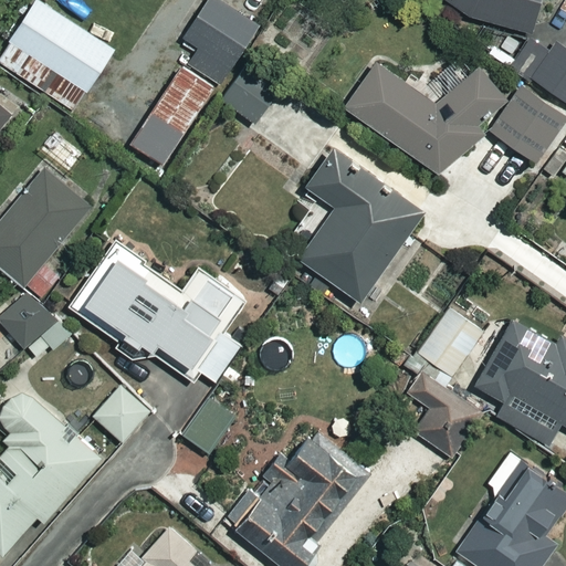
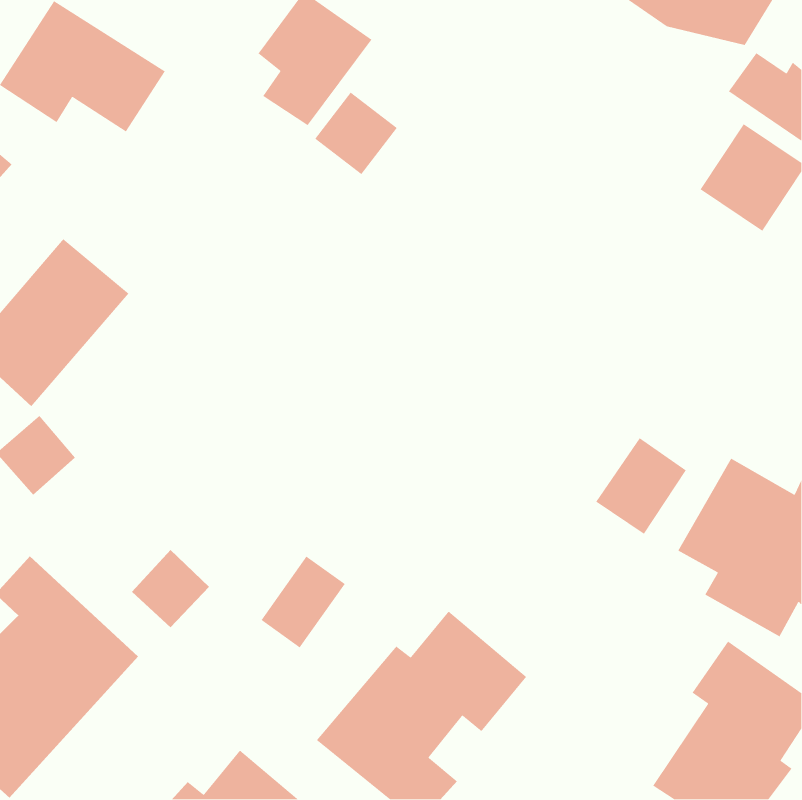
building: [345,64,504,178] -> none
building: [128,67,216,165] -> none
building: [300,150,422,302] -> none
building: [74,251,242,385] -> none
building: [406,370,479,454] -> none

